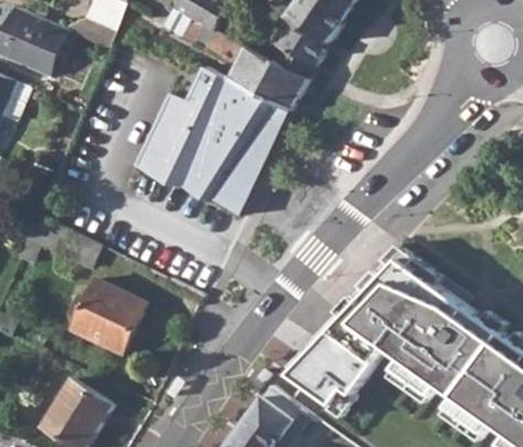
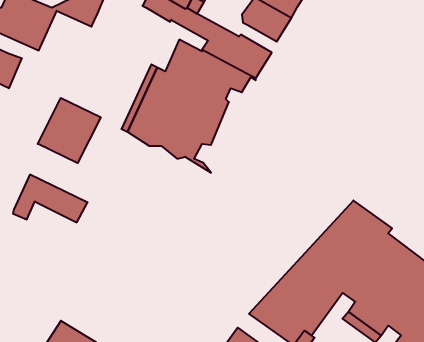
building: [220,107,289,213] -> none
building: none -> [38,98,101,163]
building: [71,279,145,354] -> none

